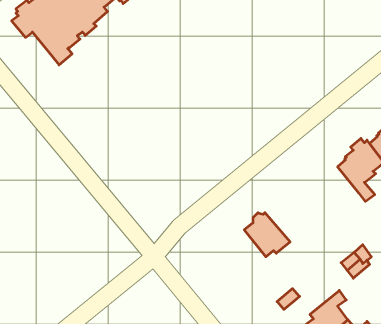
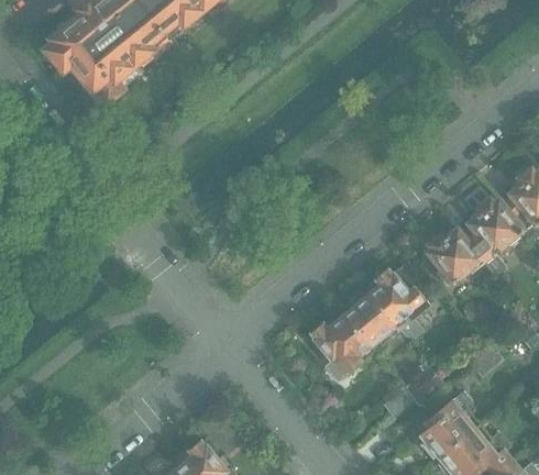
building: none -> [420,230,486,289]
building: none -> [367,264,428,338]
building: none -> [308,314,369,380]

